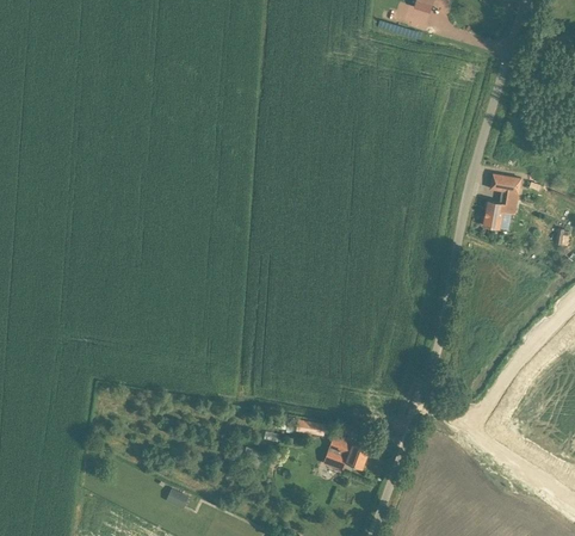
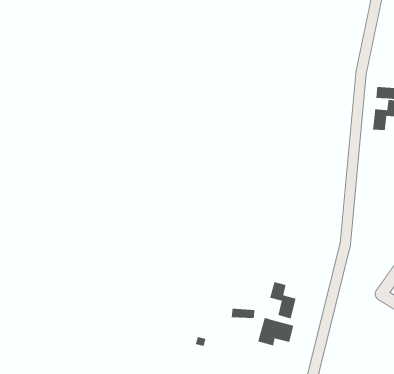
building: none -> [269,281,297,319]

